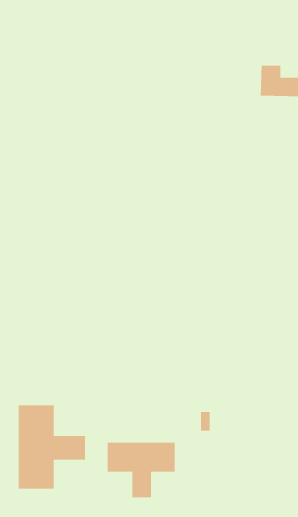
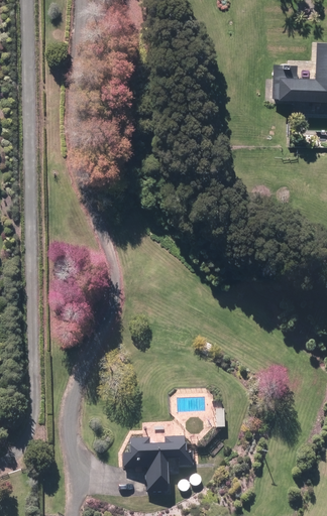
building: [18,405,85,490] -> none

